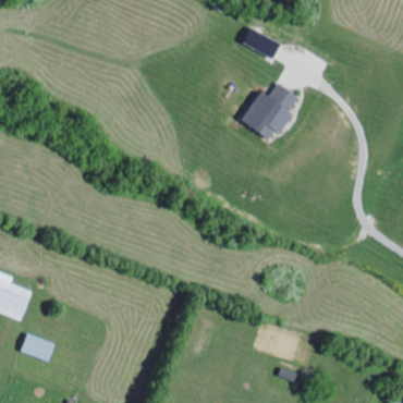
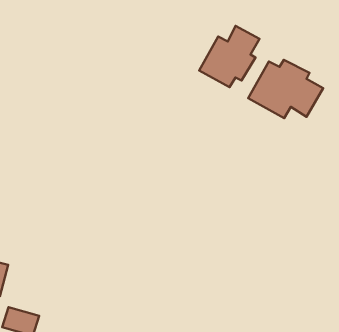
building: none -> [248,60,323,118]

